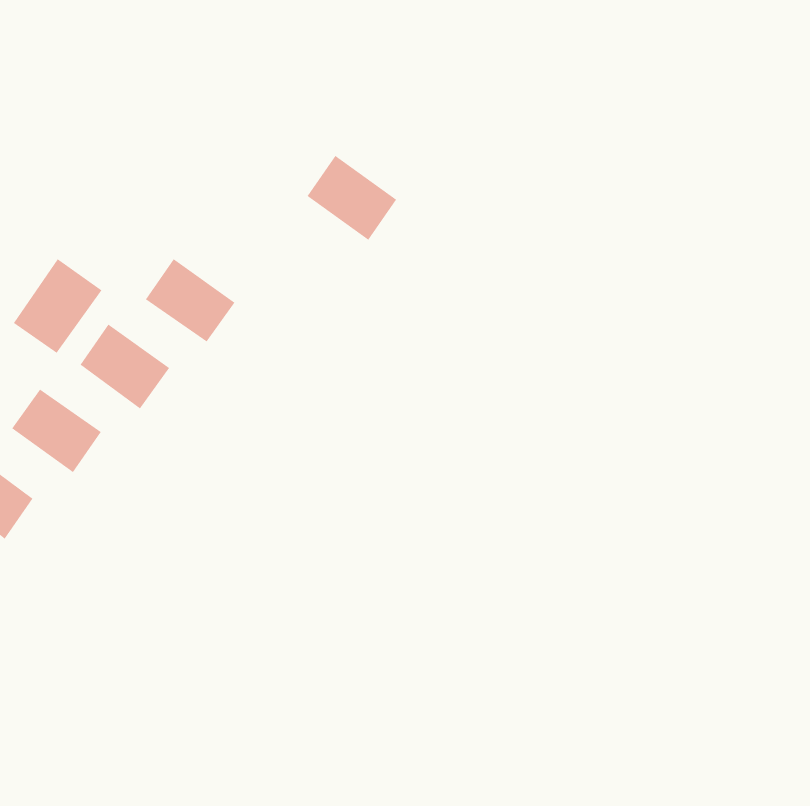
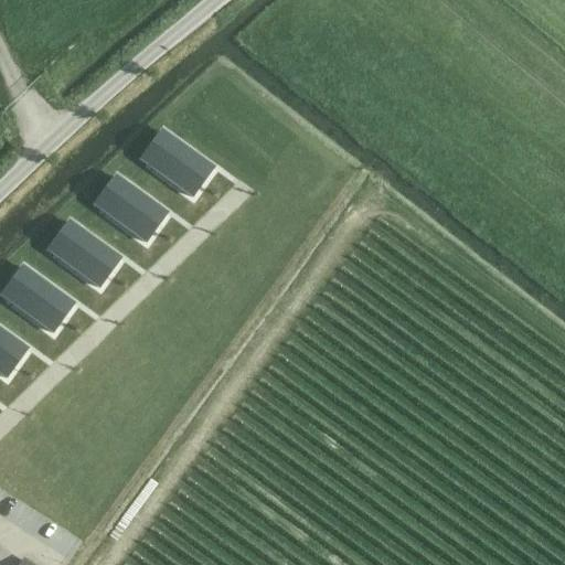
building: [307,155,397,241] -> [148,132,211,192]
building: [13,258,102,354] -> none

